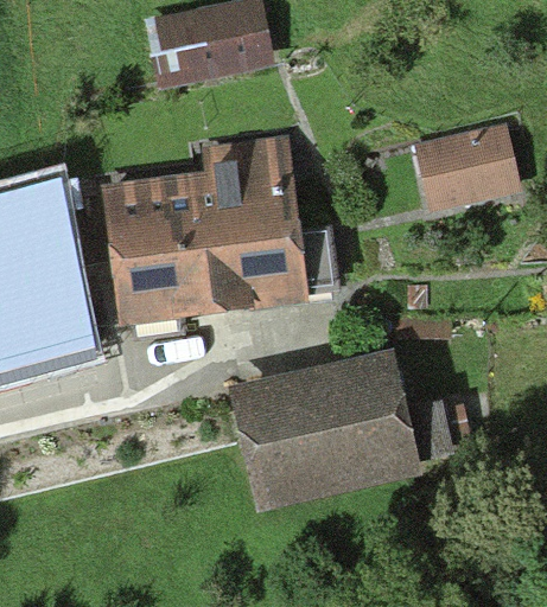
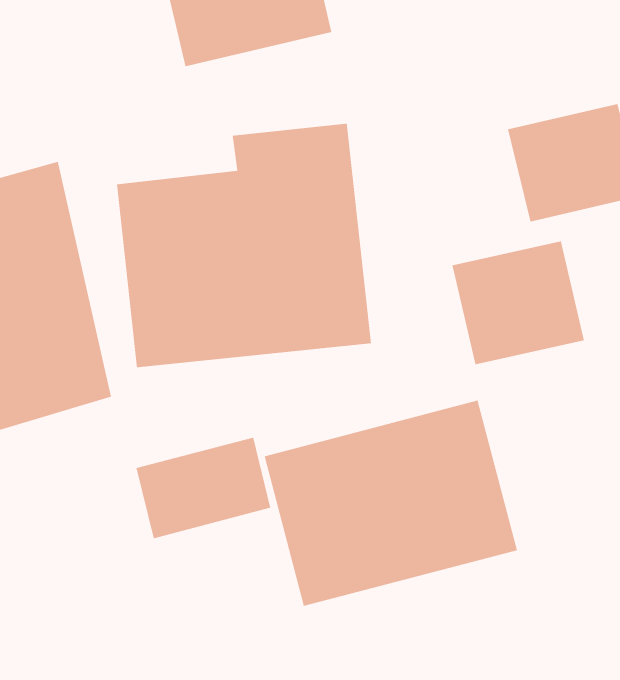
building: none -> [452,241,584,365]
building: none -> [136,437,271,539]

